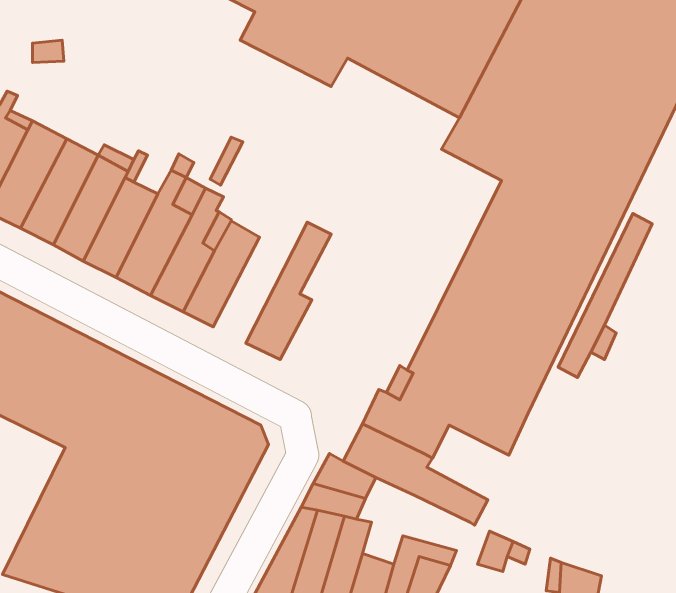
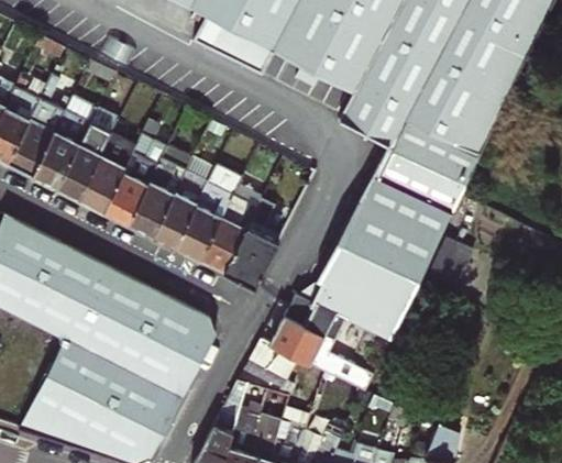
building: none -> [173,165,239,260]
building: none -> [222,199,277,287]

